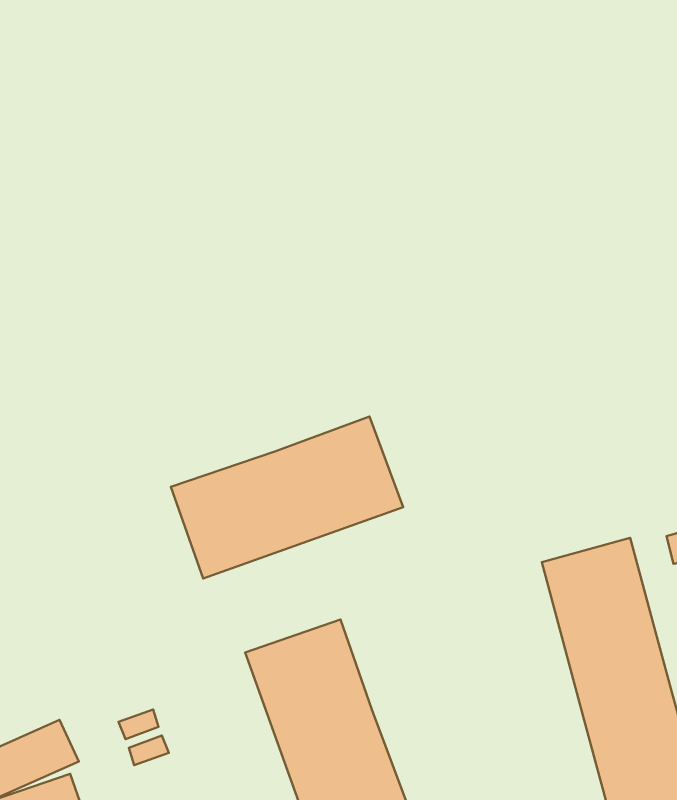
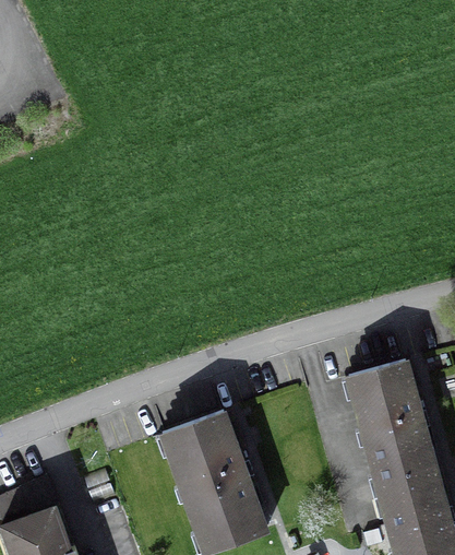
building: [171,417,403,579] -> none

